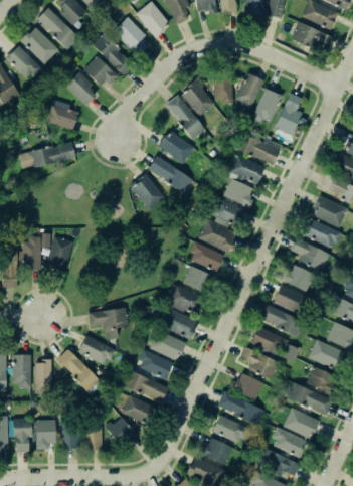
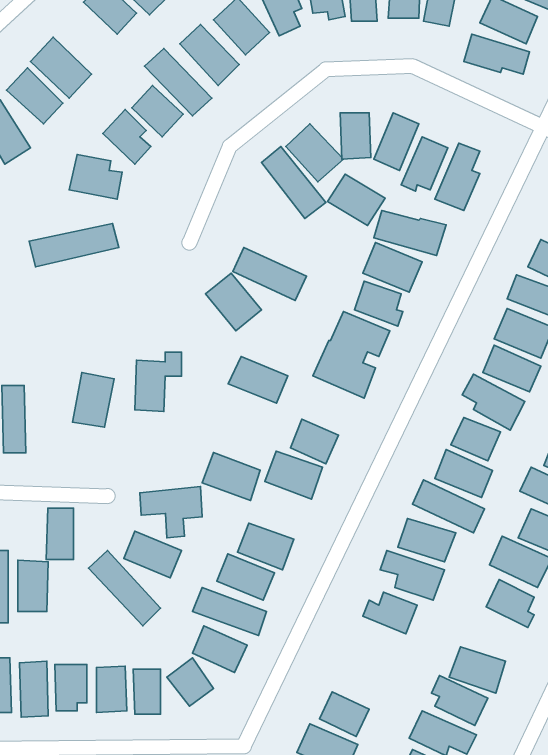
building: [36,8,79,50] -> none
building: [158,131,194,163] -> [327,174,385,225]
building: [21,233,50,271] -> [135,352,181,411]
building: [187,242,224,272] -> [228,357,288,403]
building: [161,308,197,338] -> [202,452,260,501]
building: [34,360,51,392] -> [46,508,73,559]
building: [286,383,333,415] -> none
building: [217,392,263,424] -> none
building: [212,415,248,445] -> none

